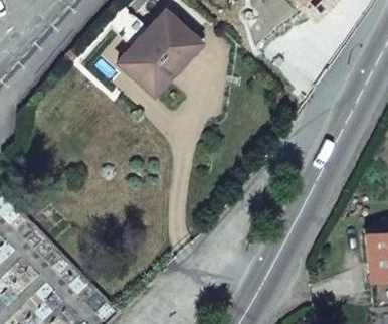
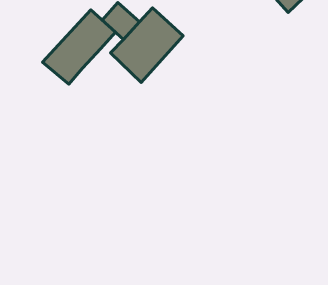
building: none -> [43,10,115,84]

